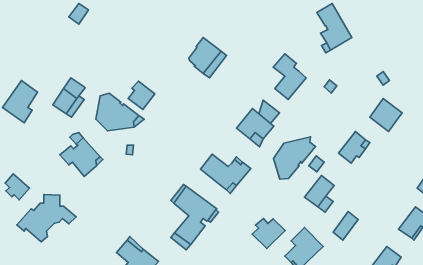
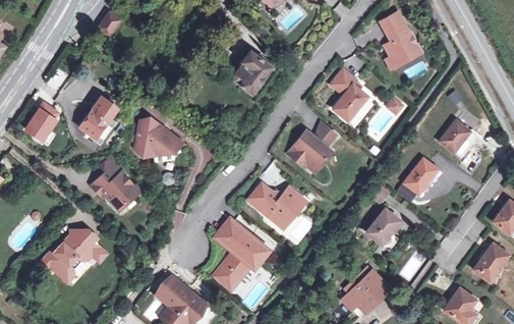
building: [128,81,155,110] -> none
building: [274,137,316,179] -> none
building: [5,174,29,200] -> none
building: [252,218,285,249] -> none

